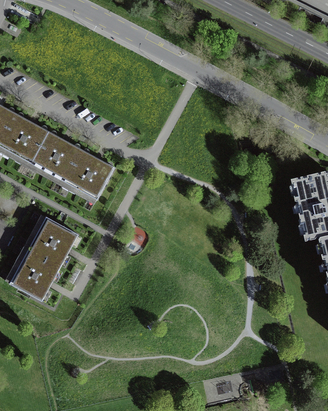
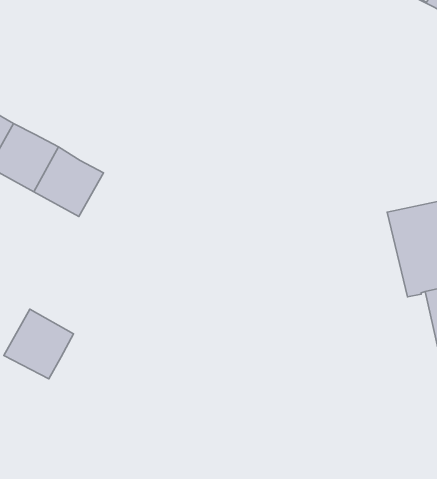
building: [63,149,114,199] -> none
building: [27,216,77,267] -> none

